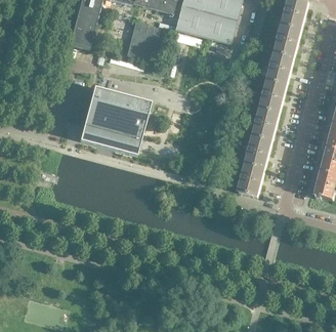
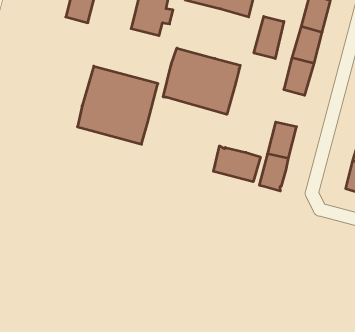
building: none -> [254,16,284,59]
building: none -> [163,48,240,114]
building: [253,107,279,139] -> none
building: none -> [213,146,260,182]

